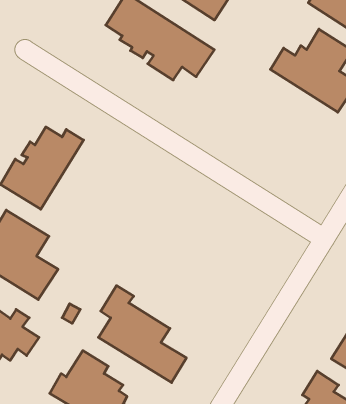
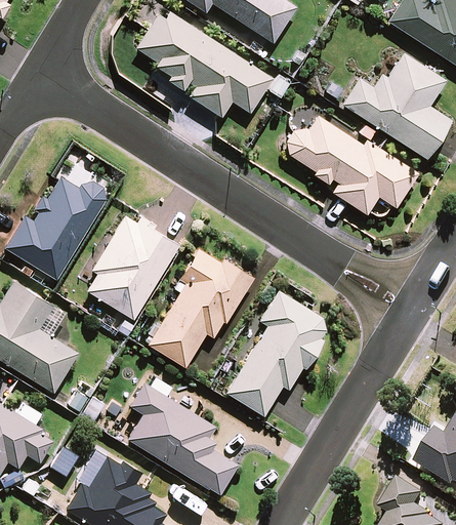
building: none -> [286,118,417,214]
building: none -> [87,216,177,319]
building: none -> [149,247,254,366]
building: none -> [226,291,331,415]

